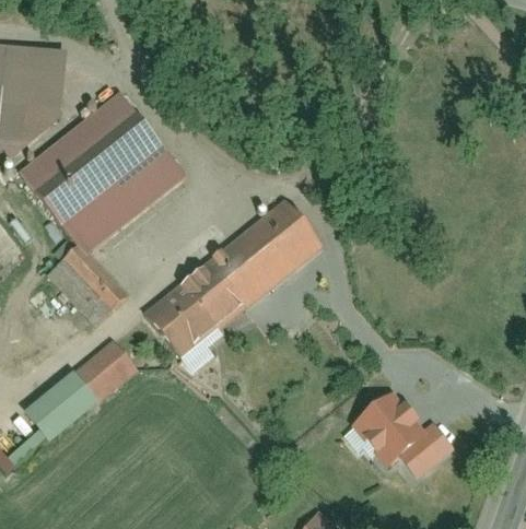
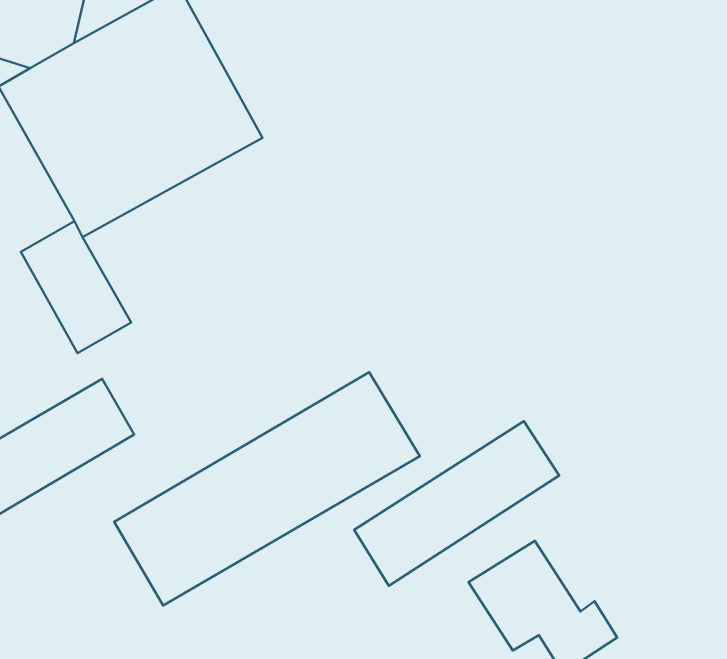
building: [147,196,326,358] -> [114,372,420,605]
building: none -> [354,421,559,586]

